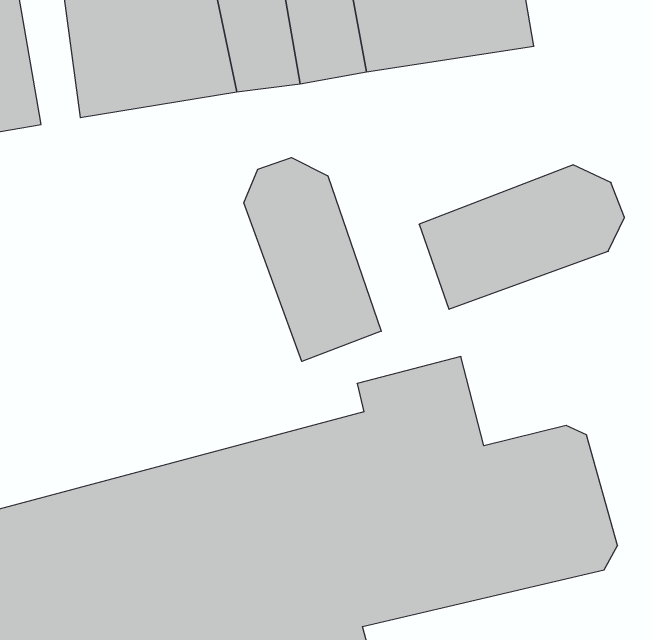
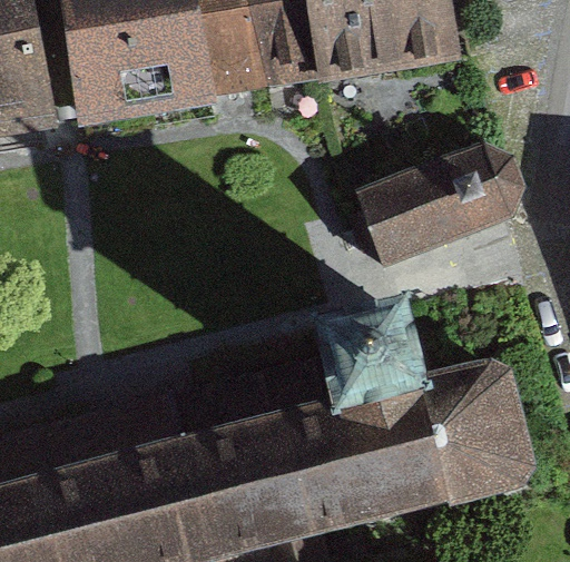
building: [244,158,381,361] -> none

